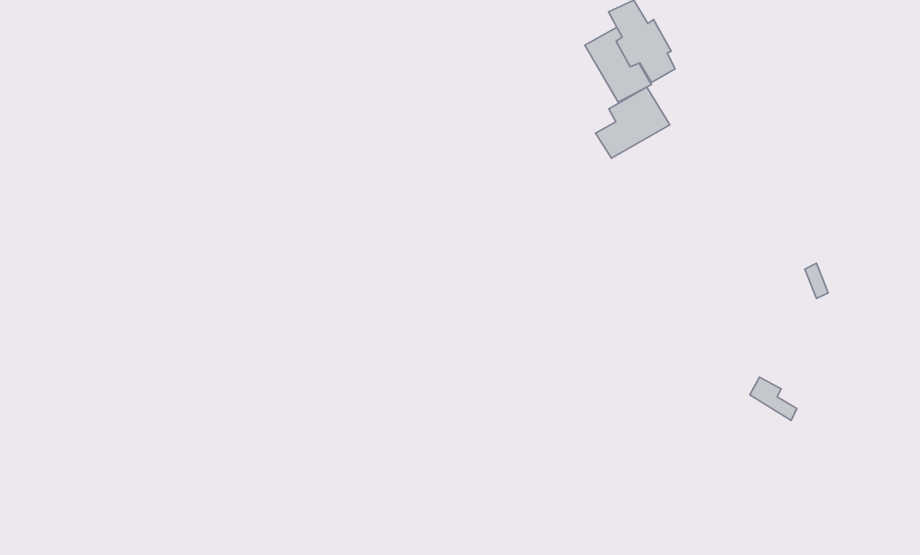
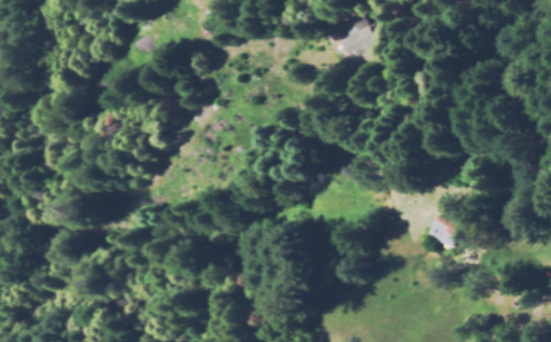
building: [595,87,670,158] -> none

